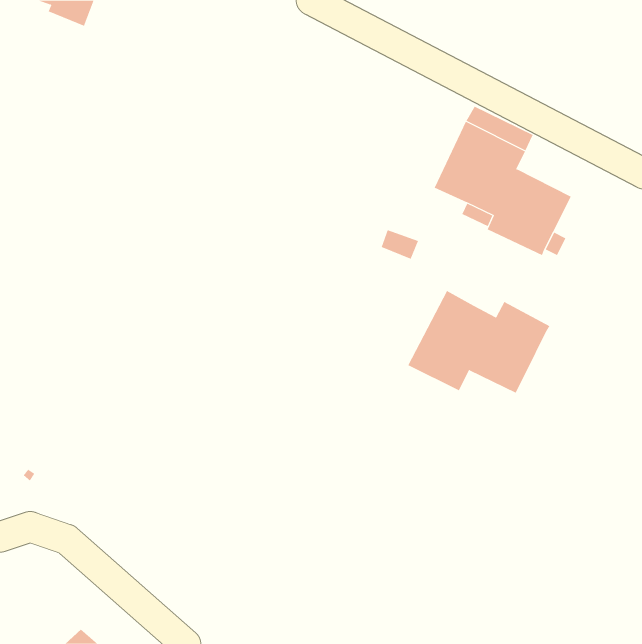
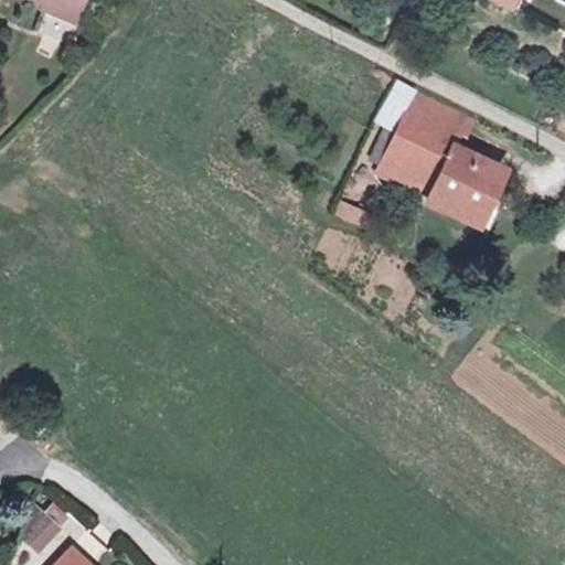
building: [408,290,550,393] -> none
building: none -> [22,505,68,552]

